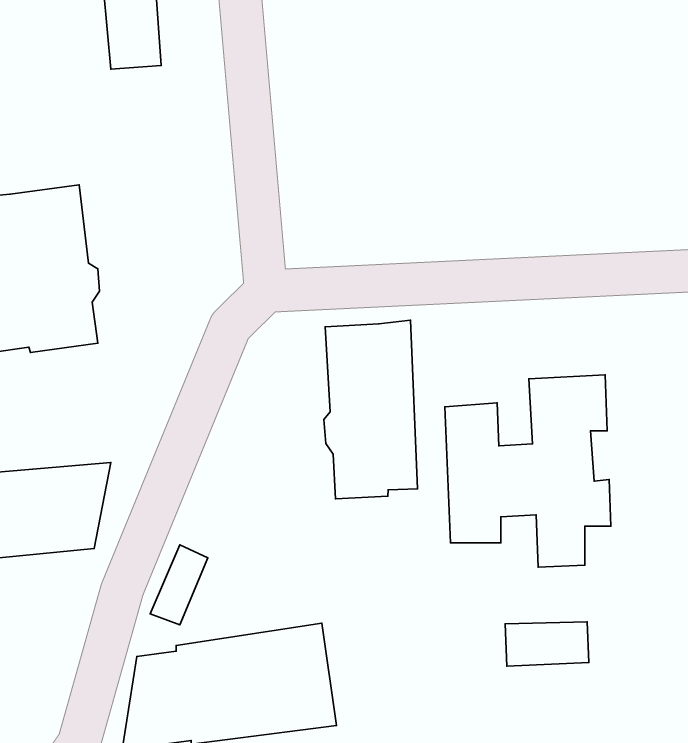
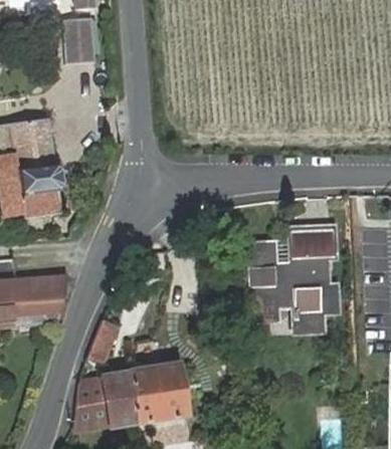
building: [324,320,417,499] -> none
building: [505,622,589,666] -> none

